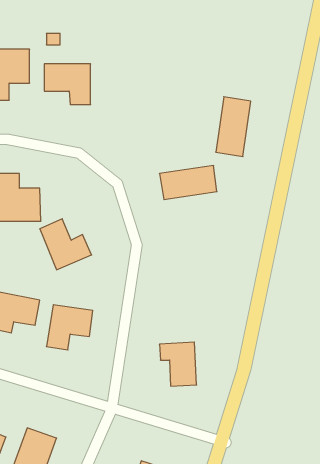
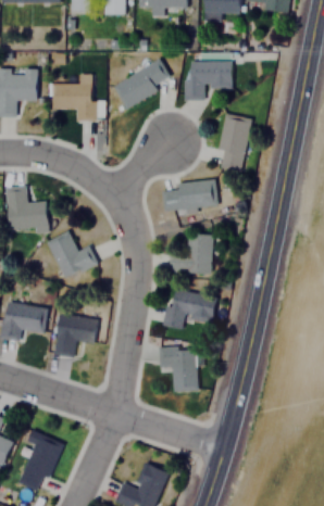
building: none -> [115,59,172,106]
building: none -> [186,62,232,101]
building: none -> [171,235,213,274]
building: none -> [163,288,216,330]

